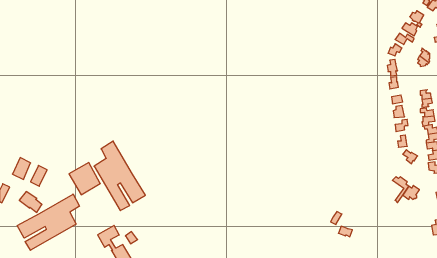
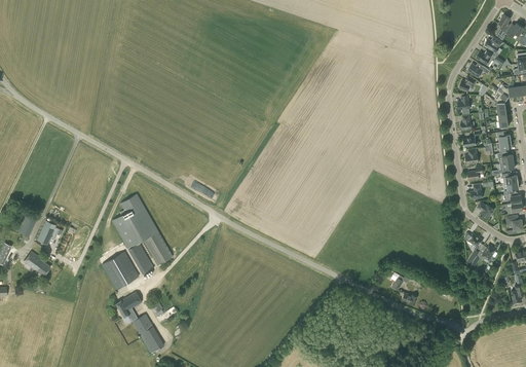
building: [69,163,100,195] -> [102,252,139,290]
building: [17,194,79,250] -> none

